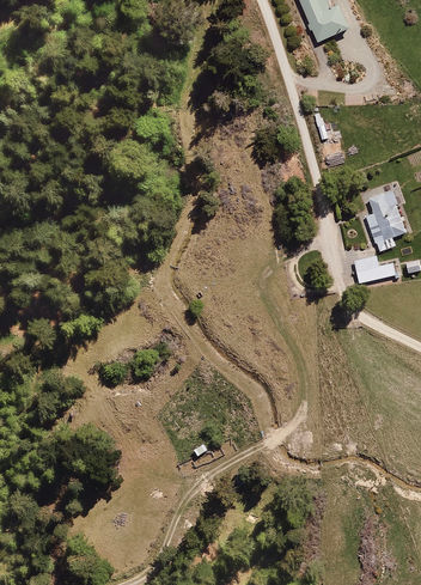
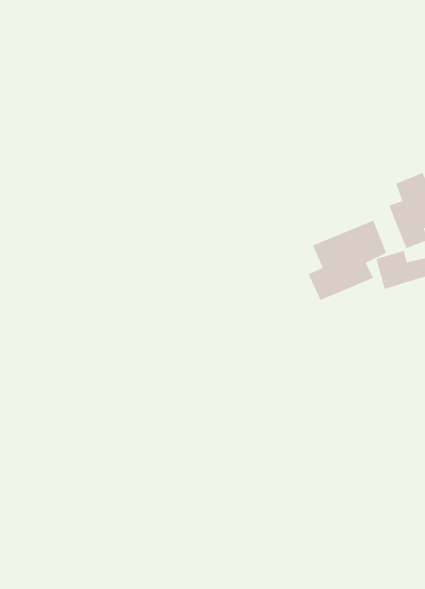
building: none -> [308,220,387,301]

